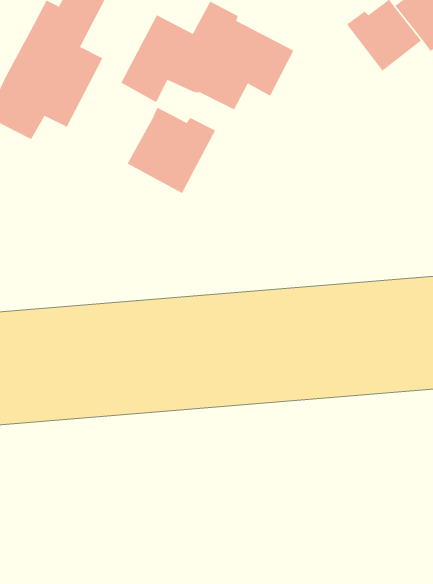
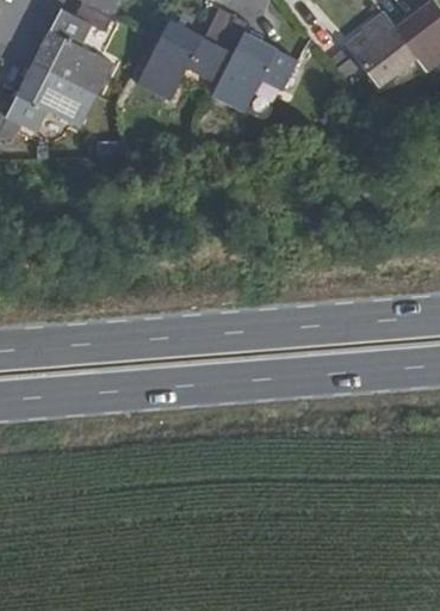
building: [127,107,216,194] -> none

